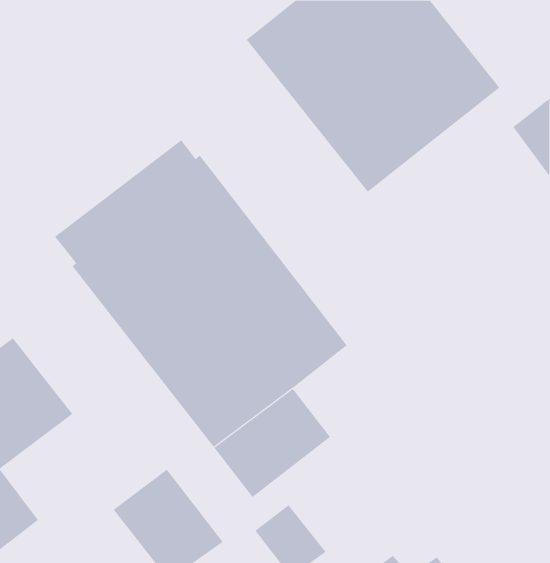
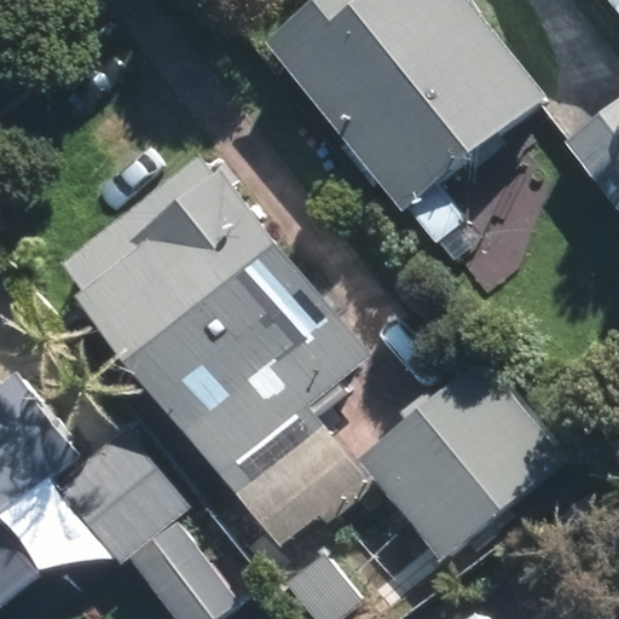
building: none -> [354,361,563,565]
building: none -> [52,427,186,565]

